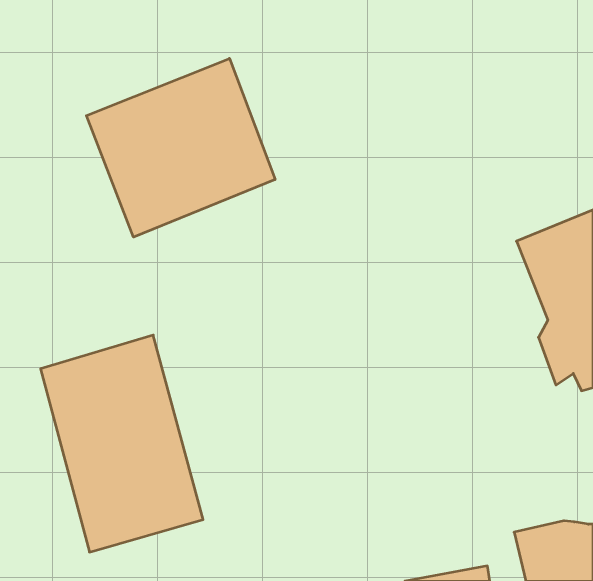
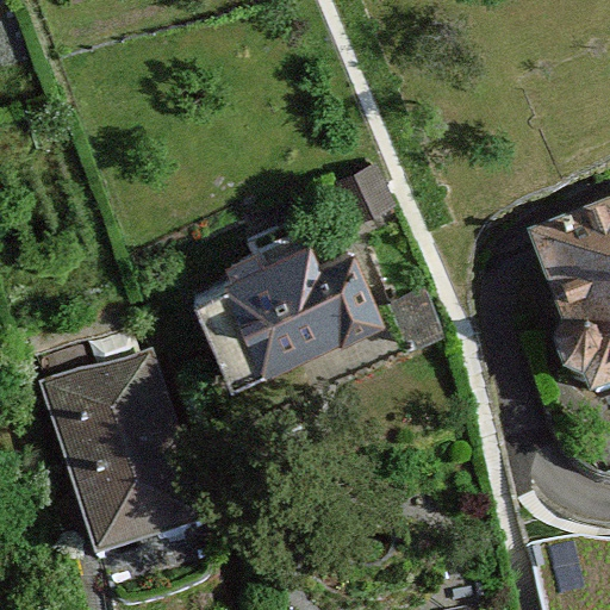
building: [86,58,275,237] -> none
building: none -> [201,214,391,367]

